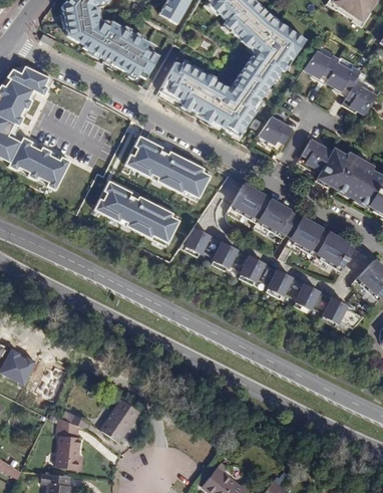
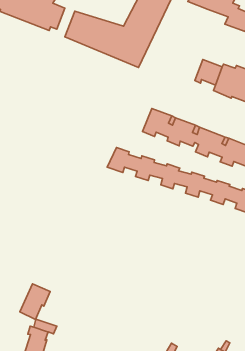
building: [260,115,294,151] -> none
building: [120,135,206,198] -> none
building: [90,180,176,248] -> none
building: [105,401,144,443] -> [20,284,50,320]

